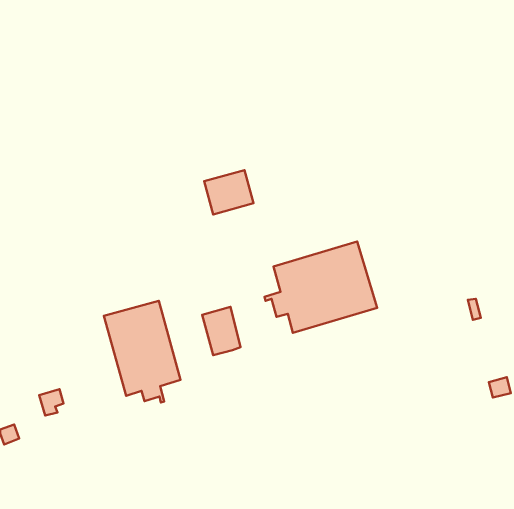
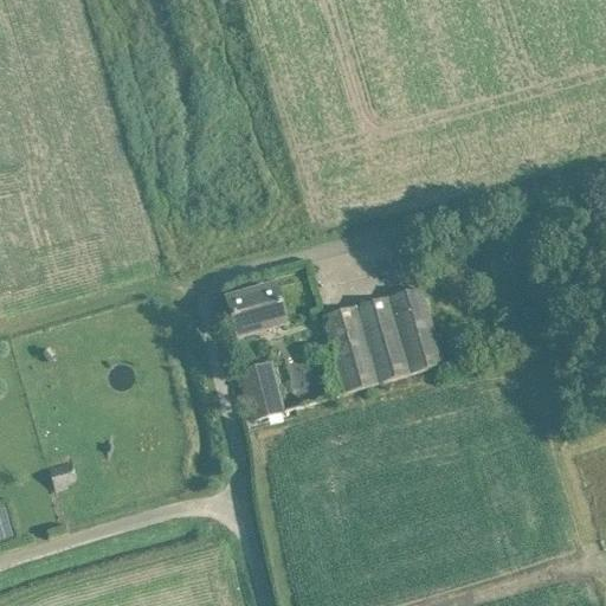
building: [204,170,254,214] -> [226,284,284,336]
building: [104,301,181,402] -> none

